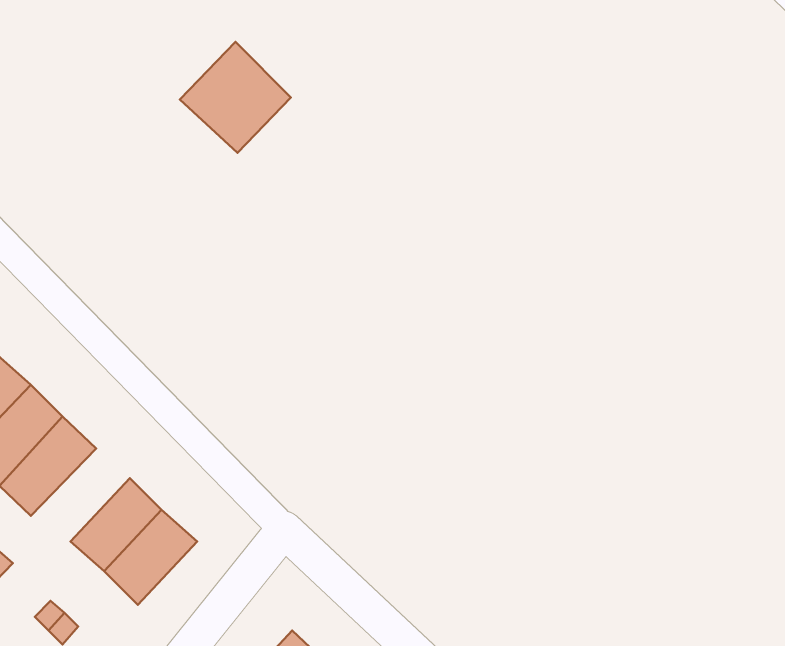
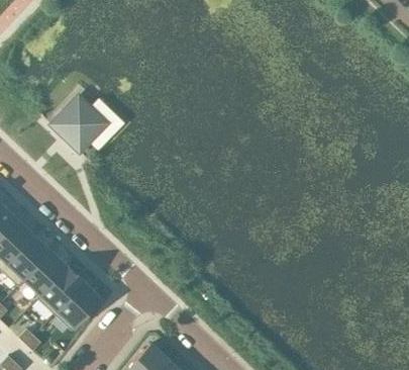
building: [180,42,291,153] -> [50,95,107,152]
building: none -> [17,251,68,298]

